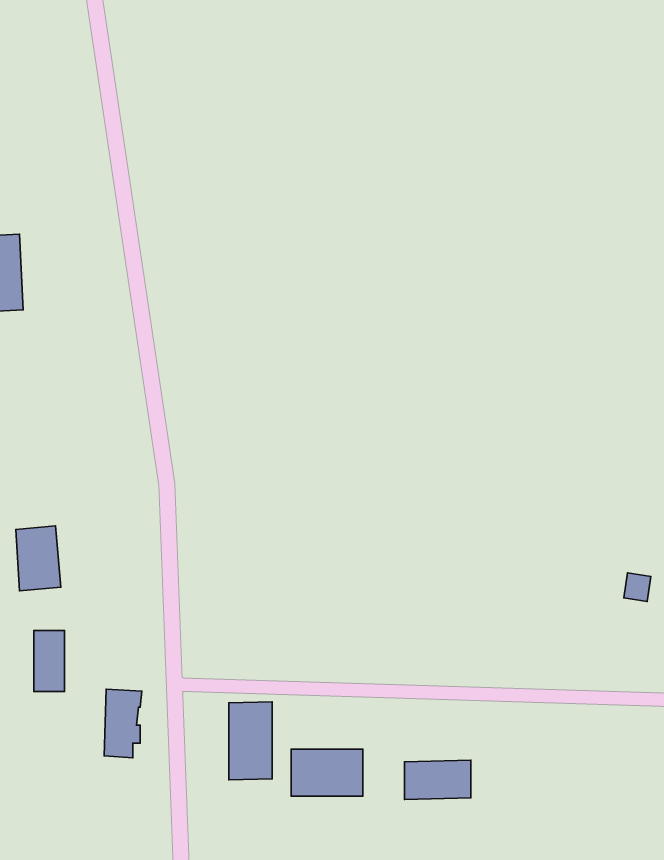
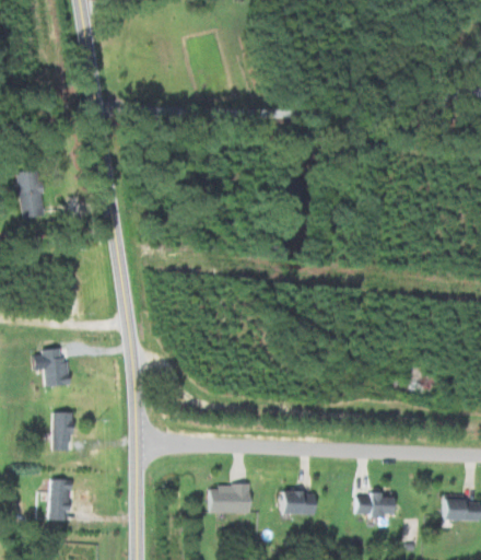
building: [104,689,142,758] -> [52,479,75,521]
building: [229,702,272,780] -> none
building: none -> [353,491,390,516]

